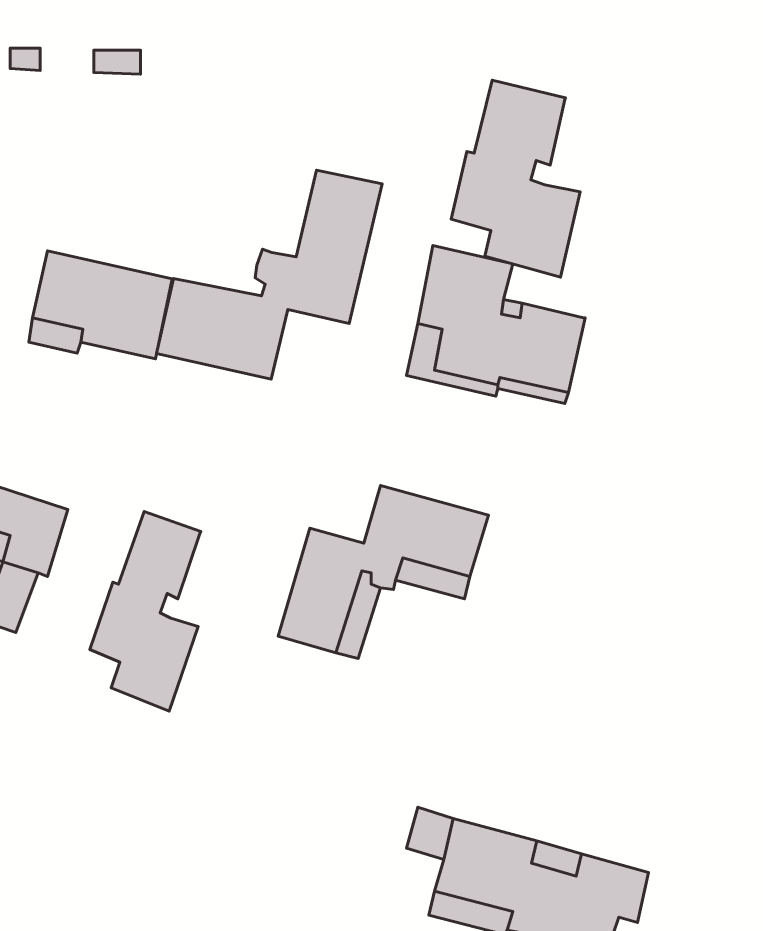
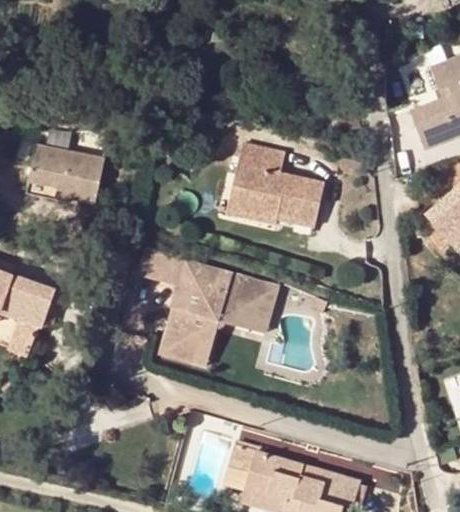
building: [451,80,580,277] -> none
building: [157,170,382,379] -> none
building: none -> [177,263,215,302]
building: [90,512,201,711] -> none

